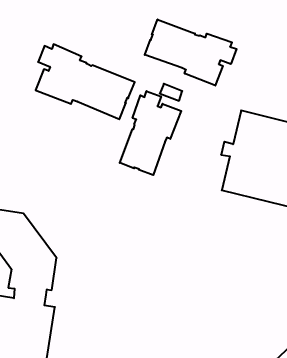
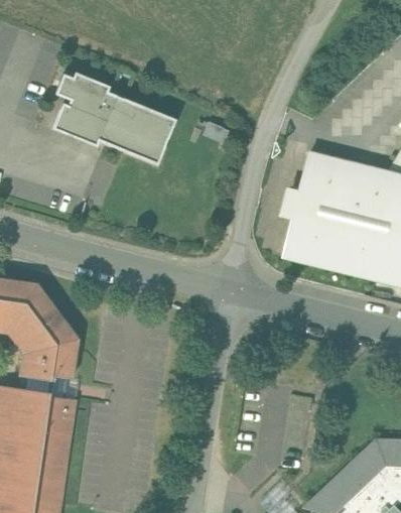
building: [145,19,237,86] -> none
building: [120,91,181,175] -> none

